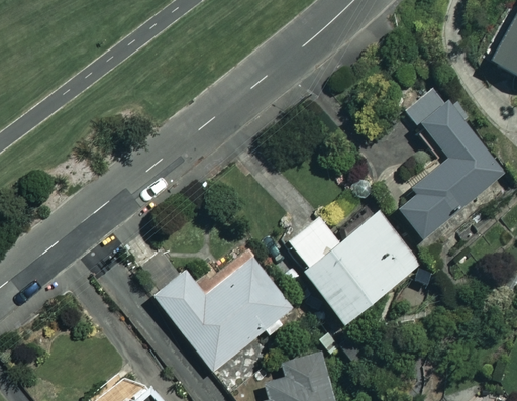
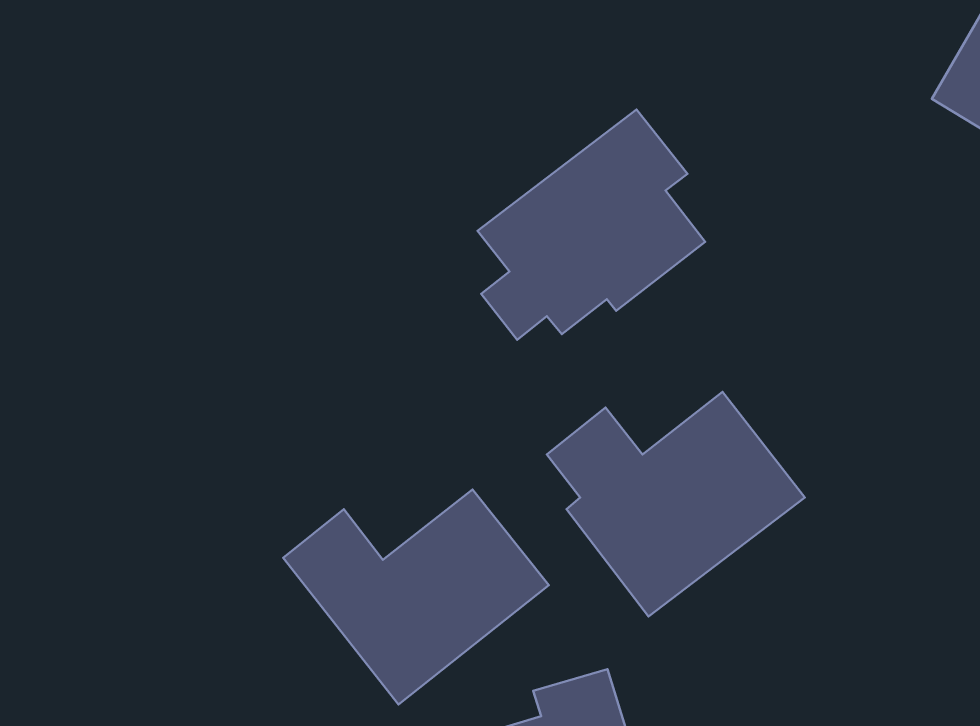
building: none -> [478,109,705,340]
building: [398,88,506,239] -> none

